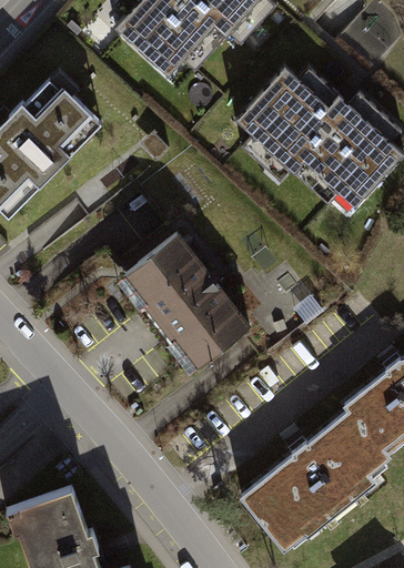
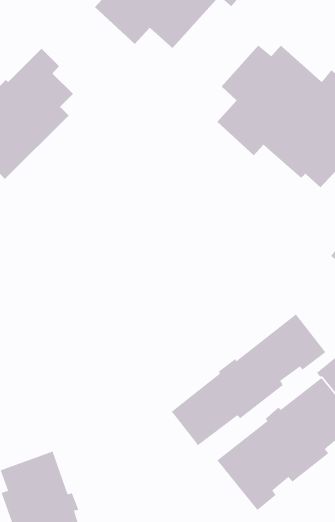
building: [125,234,251,368] -> none
building: none -> [171,313,326,446]

